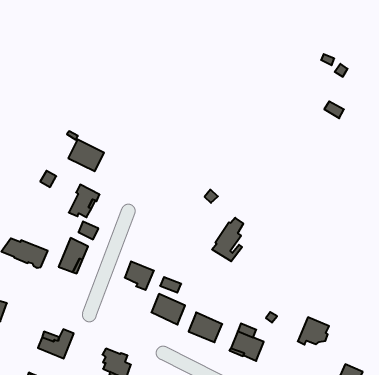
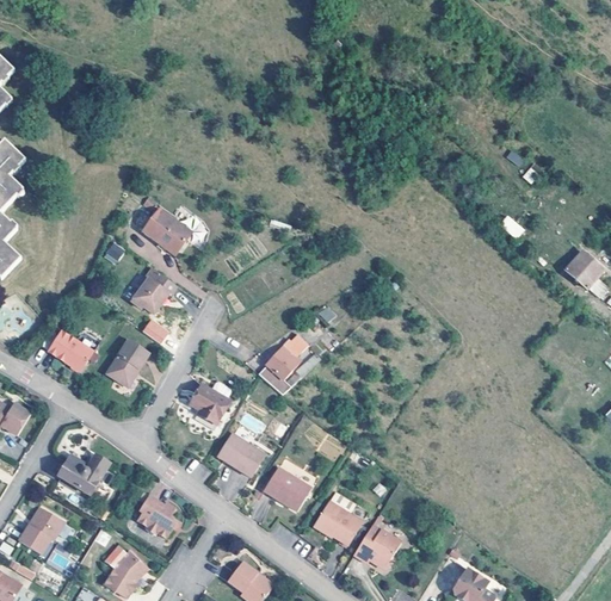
building: [212,218,243,261] -> [260,336,308,394]
building: [298,317,329,345] -> [352,525,397,563]

